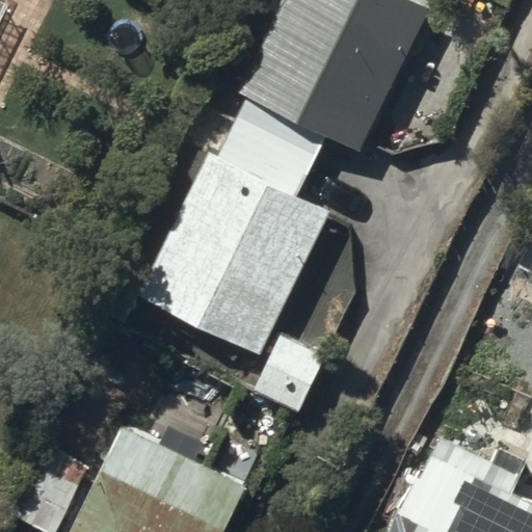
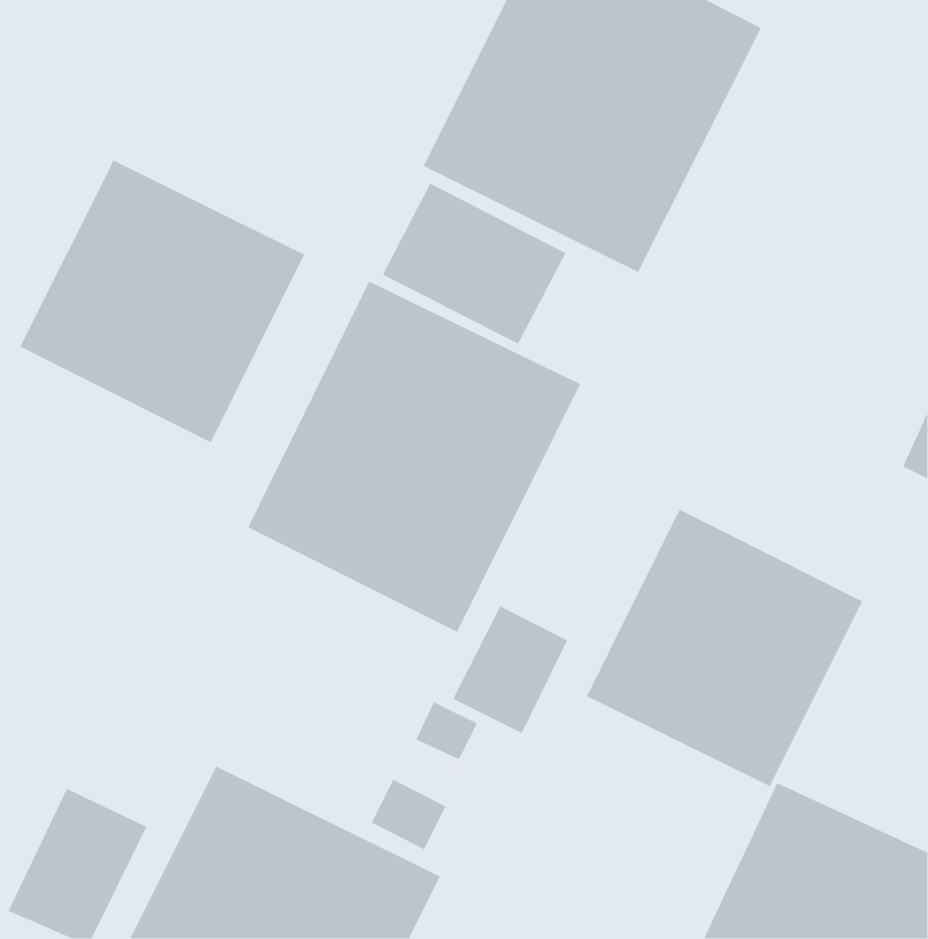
building: none -> [19,160,305,444]
building: none -> [586,508,863,787]

